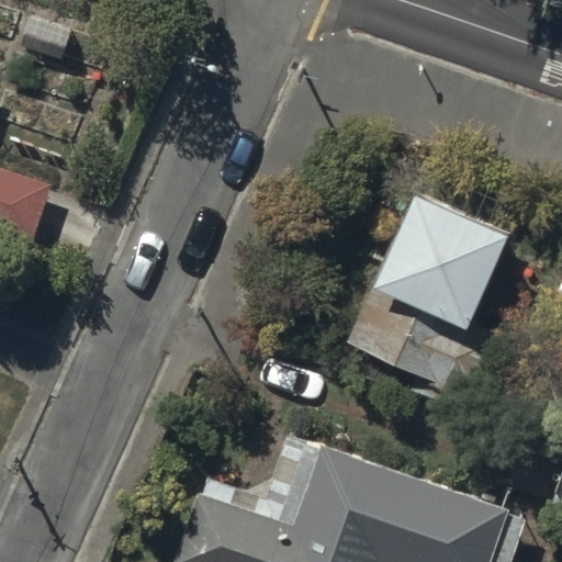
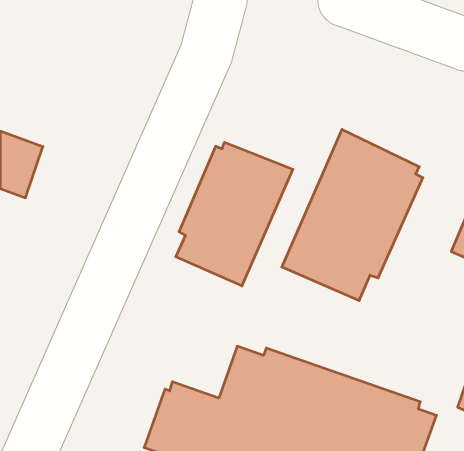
building: none -> [176,142,293,286]

